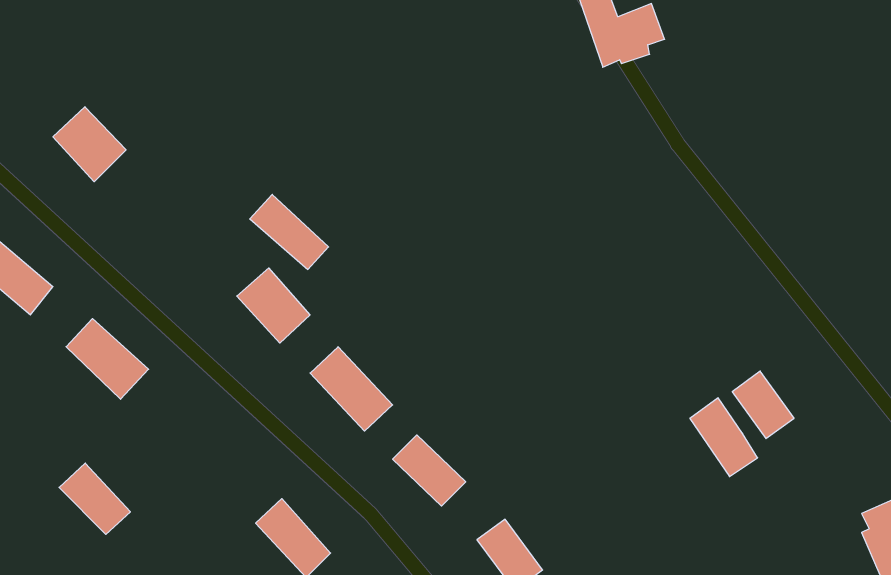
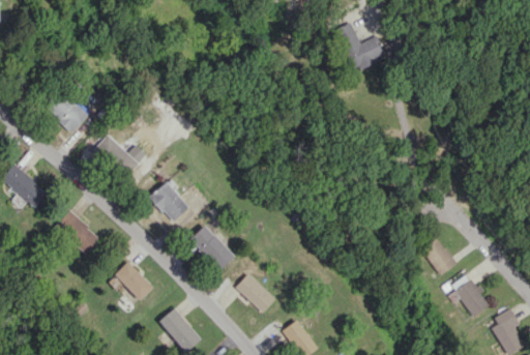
building: [250,194,329,269] -> [95,135,139,176]
building: [690,398,758,477] -> [452,273,490,317]
building: [59,463,130,534] -> [115,261,154,300]

